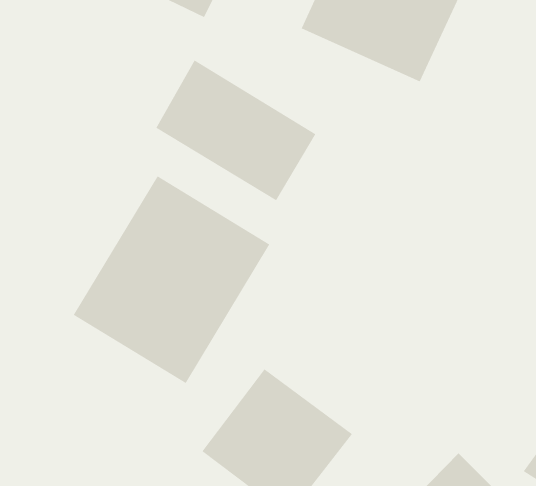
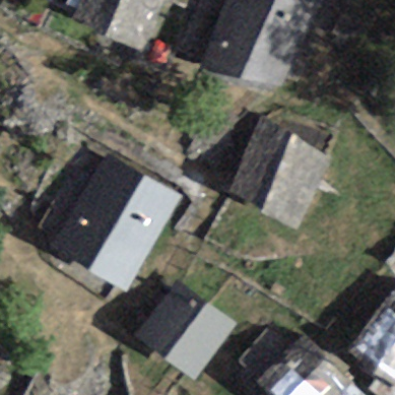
building: [155,59,316,201] -> none
building: none -> [227,122,332,225]

